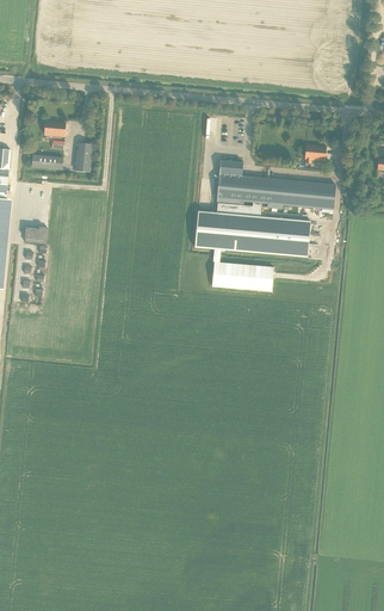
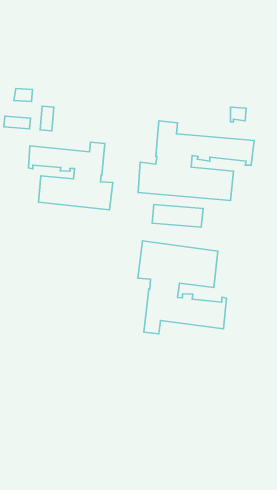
building: none -> [28,142,113,210]
building: none -> [138,241,227,334]

